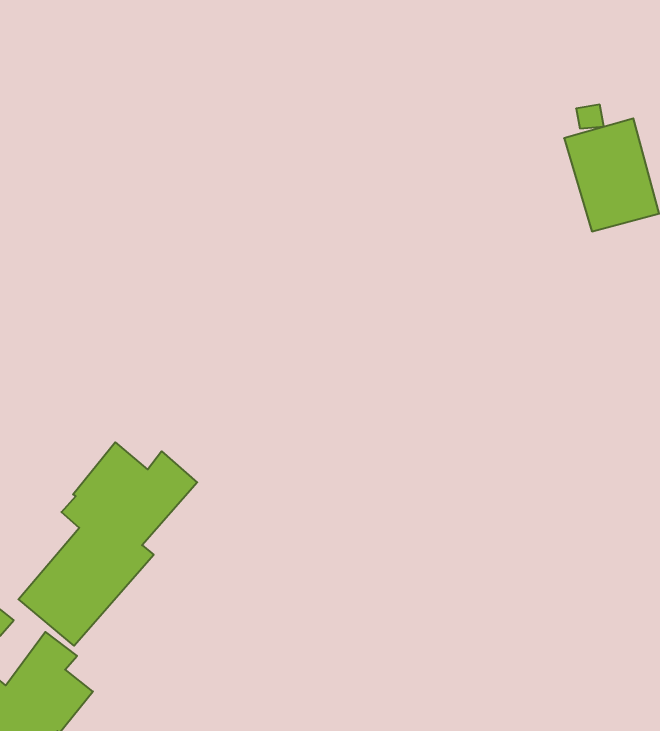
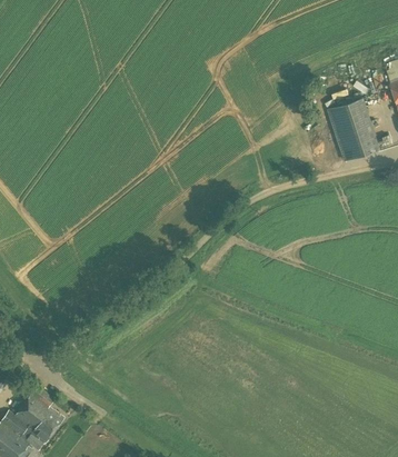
building: [18,442,197,646] -> none

